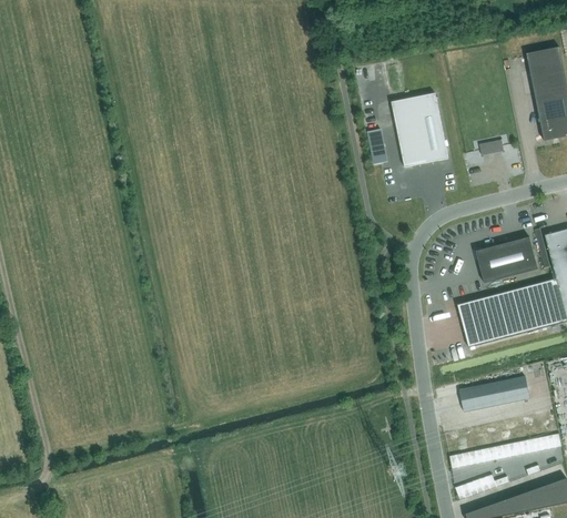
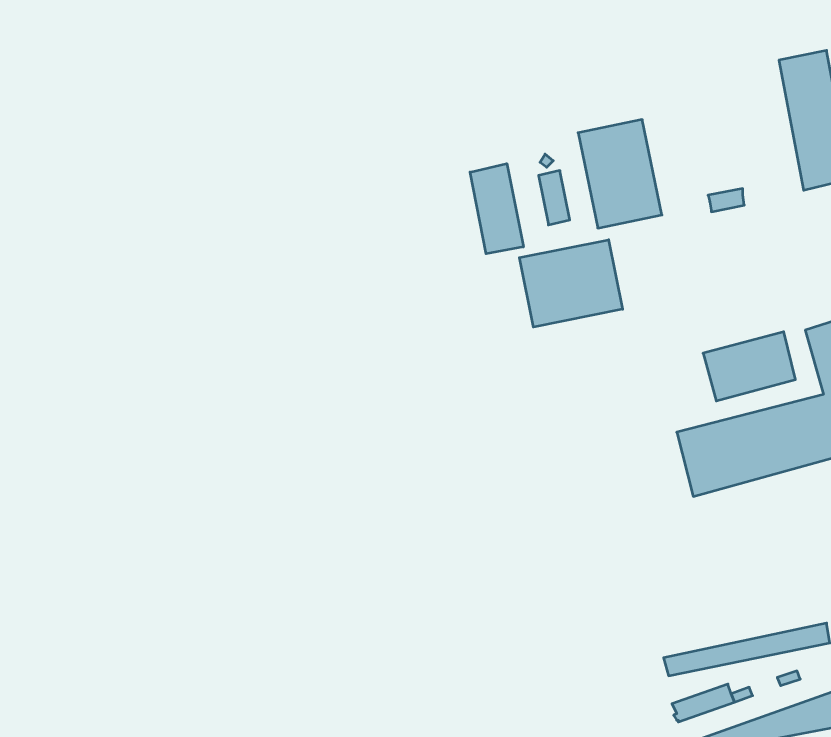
building: none -> [470,164,523,254]
building: none -> [519,240,623,327]
building: [459,376,529,410] -> none

